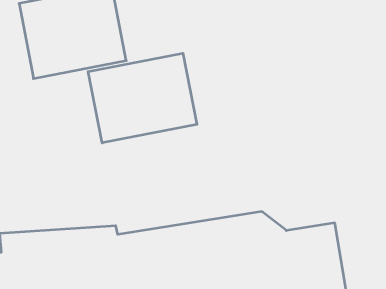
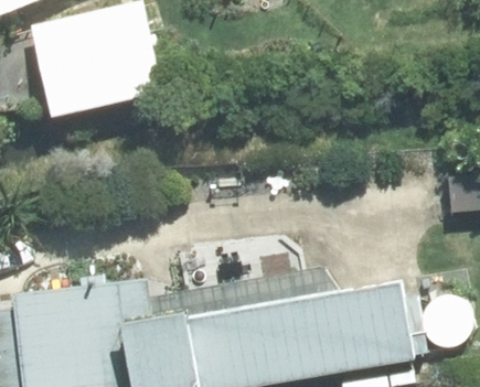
building: [88,53,197,143] -> none

